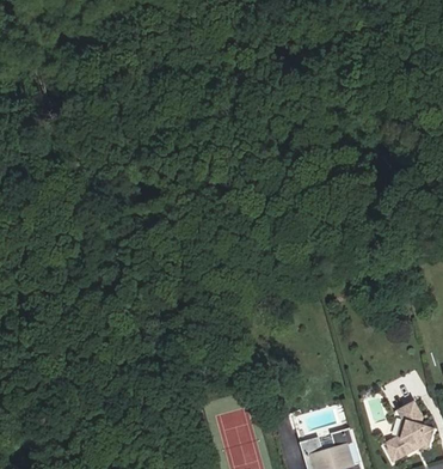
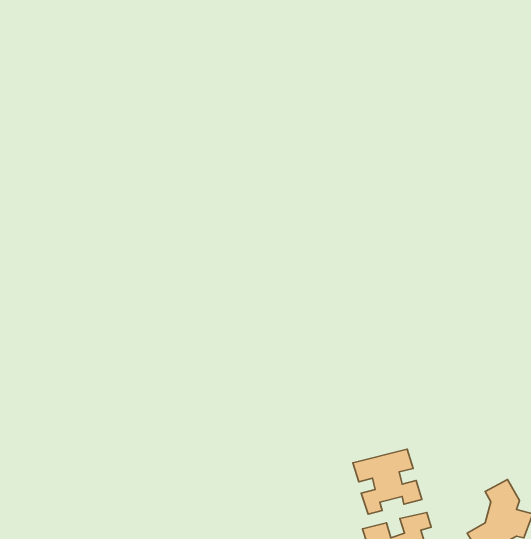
building: none -> [353,449,422,514]

